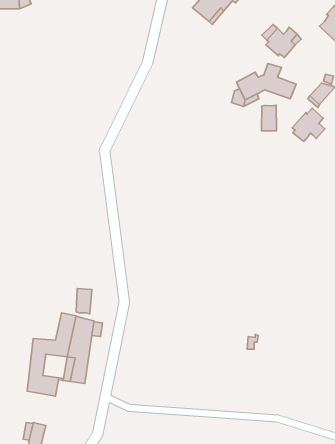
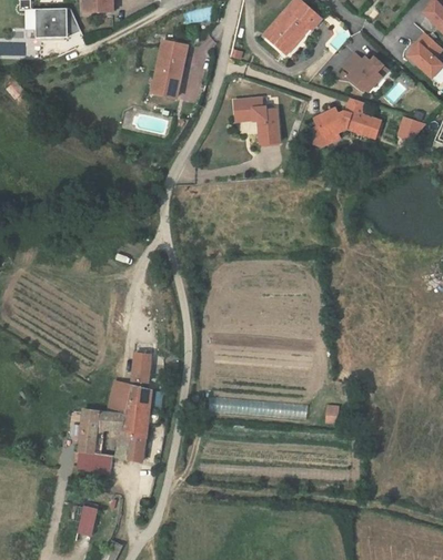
building: none -> [152,40,187,98]
building: none -> [233,96,279,143]
building: [262,105,277,131] -> none
building: [292,108,325,141] -> none

